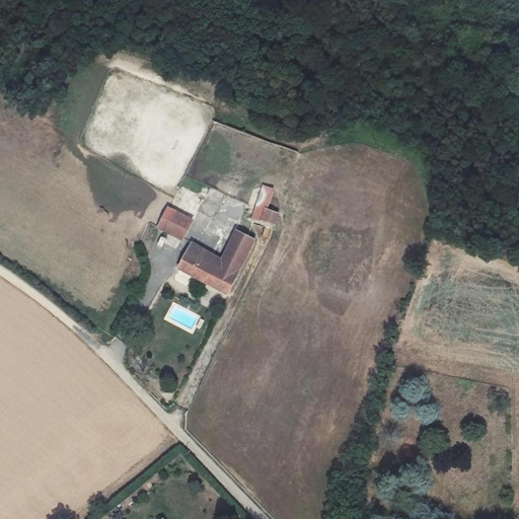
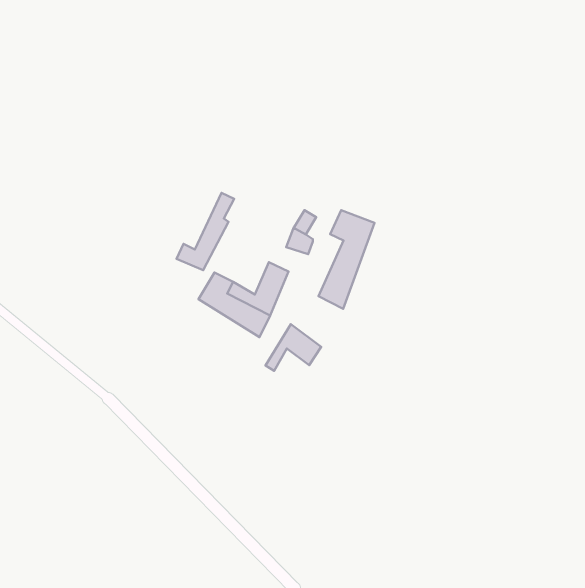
building: none -> [318,210,374,309]
building: none -> [266,324,321,371]

